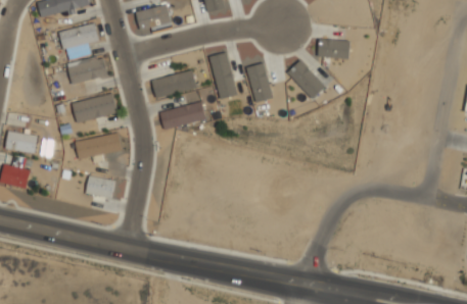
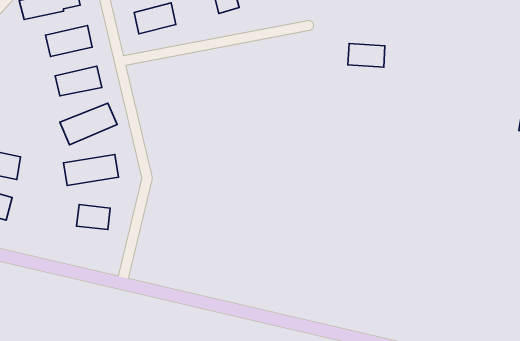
building: [208,53,237,100] -> none
building: [287,60,325,100] -> none
building: [246,63,273,103] -> none
building: [150,69,197,99] -> none
building: [159,100,206,131] -> none

